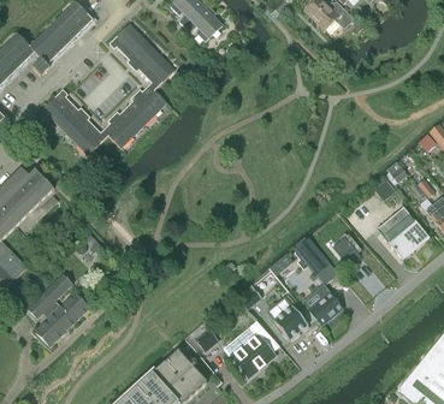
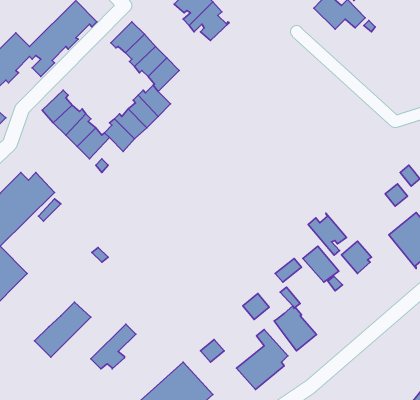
building: none -> [308,213,347,255]
building: [28,274,71,317] -> [91,324,136,369]
building: [302,284,342,326] -> none

